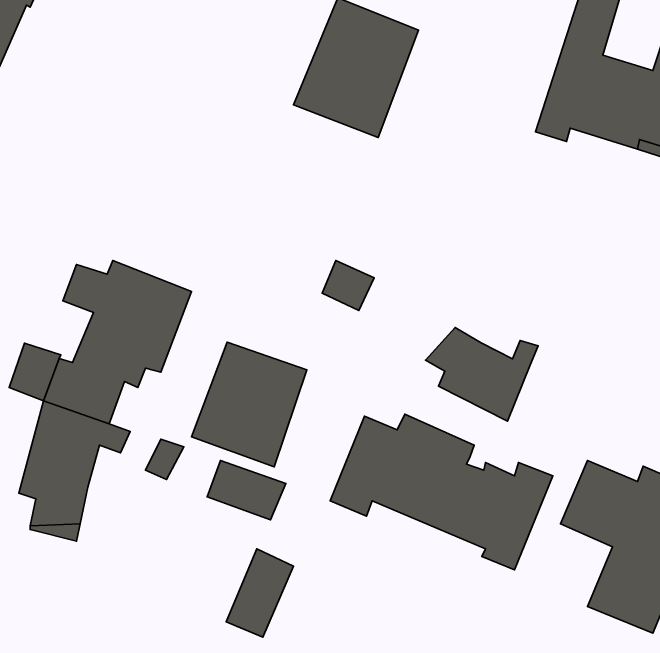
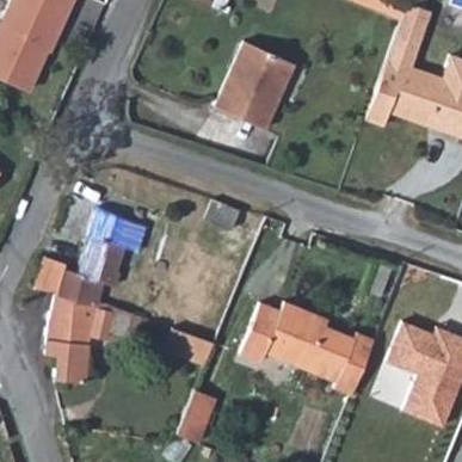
building: [426,328,538,421] -> none
building: [192,342,307,467] -> none

